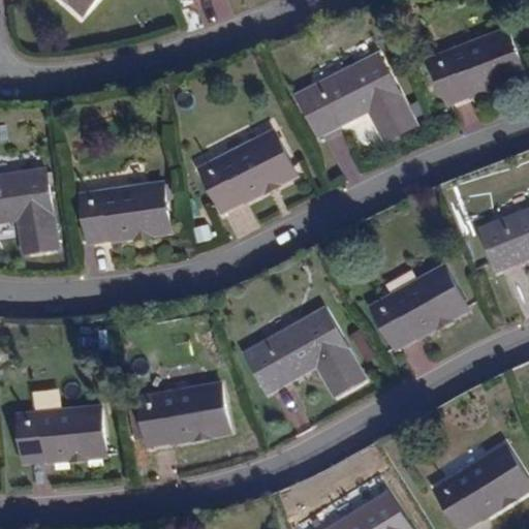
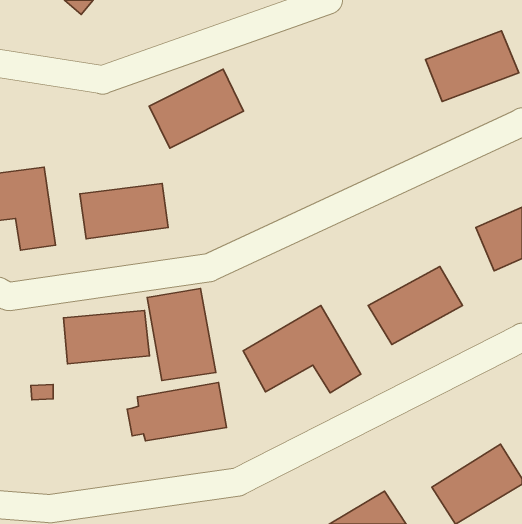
building: [295,54,414,141] -> none
building: [199,132,294,212] -> [149,69,244,148]
building: none -> [147,288,216,381]
building: [18,409,104,463] -> [63,311,150,364]

